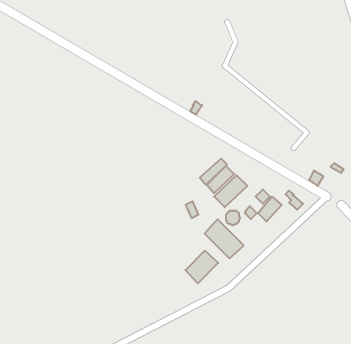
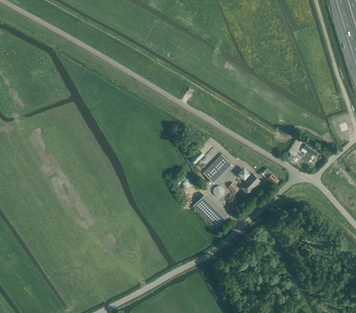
building: [185,251,218,283] -> none

